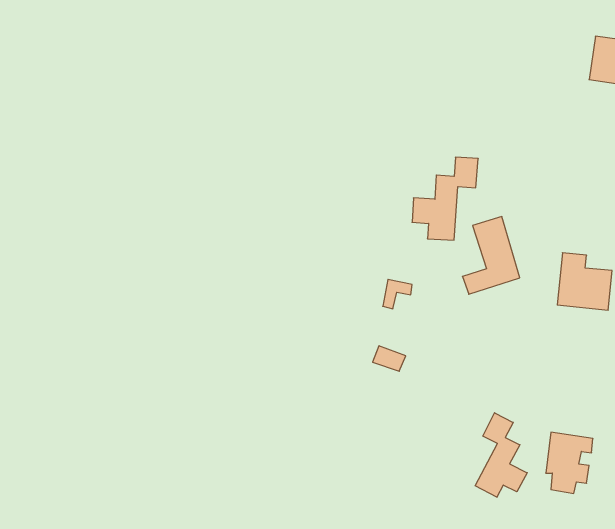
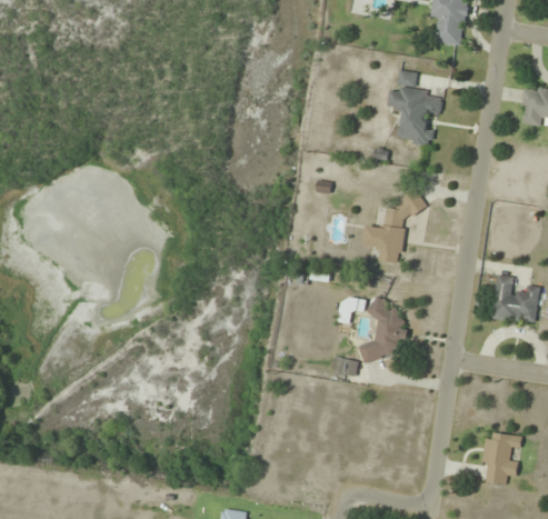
building: none -> [388,71,441,142]
building: [462,217,520,294] -> [358,293,408,361]
building: [475,413,527,497] -> none

